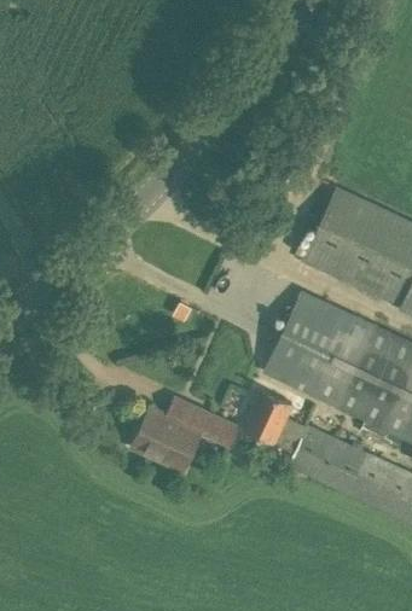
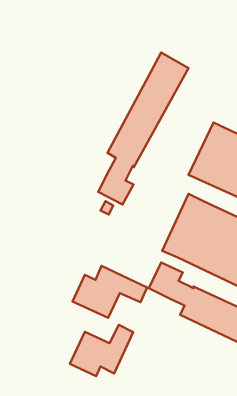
building: none -> [98,52,189,205]
building: none -> [70,325,133,376]

